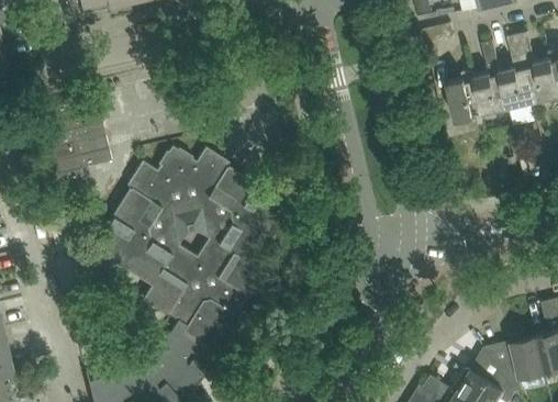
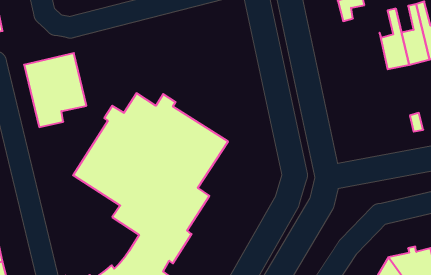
building: [448,70,483,122] -> none

